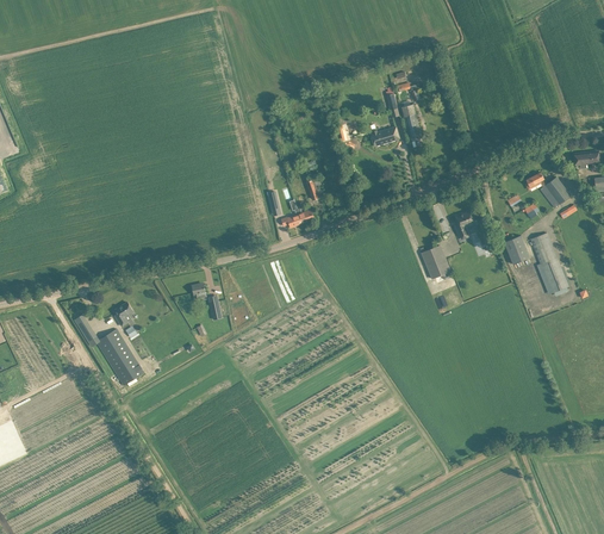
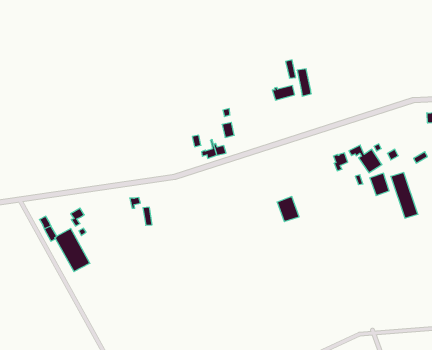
building: [525,172,569,207] -> [349,145,382,173]
building: [421,244,450,278] -> [277,197,299,222]

